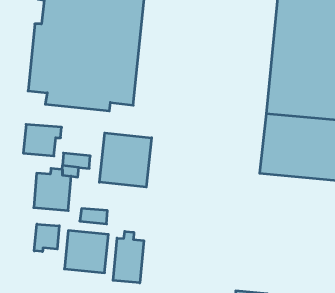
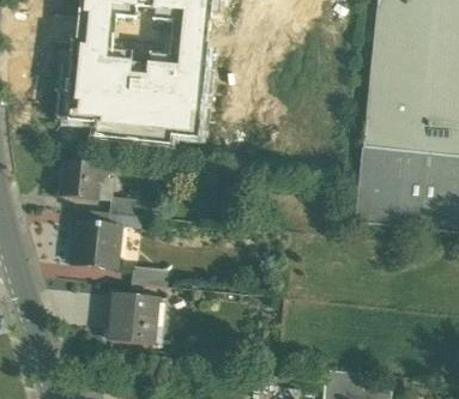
building: [99,133,152,187] -> none
building: [34,224,59,252] -> none
building: [113,231,144,283] -> none

